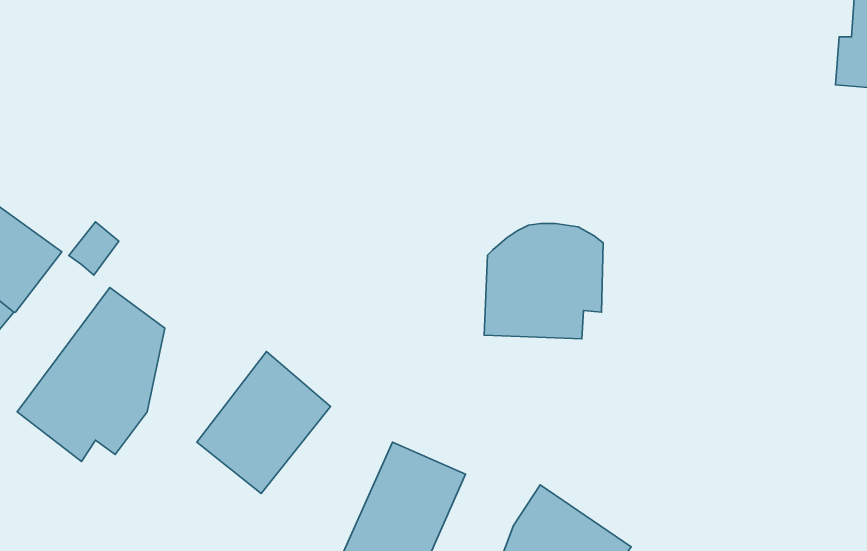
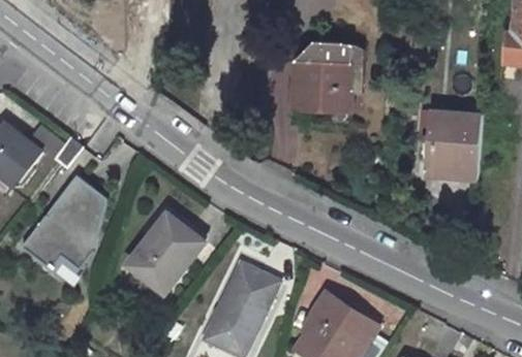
building: none -> [414,109,478,174]
building: [484,223,603,339] -> [289,40,359,107]

